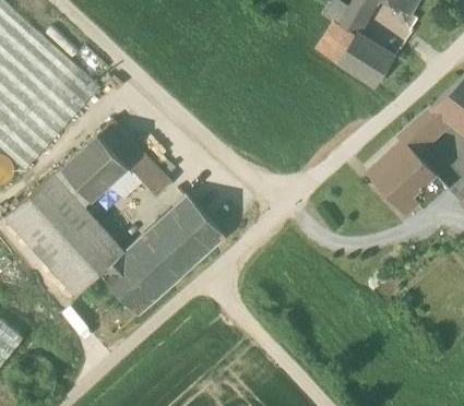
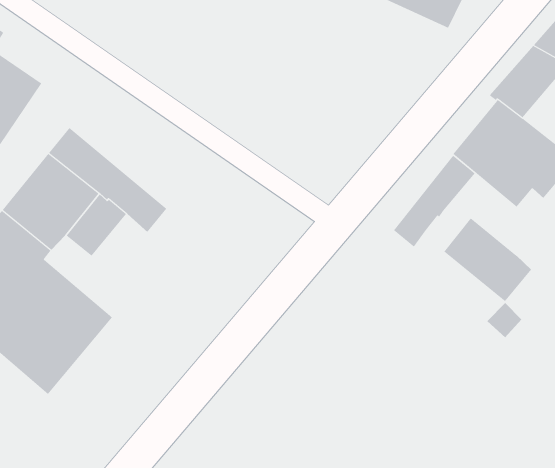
building: none -> [393,155,476,248]
building: [99,194,225,315] -> none
building: none -> [443,217,532,302]

